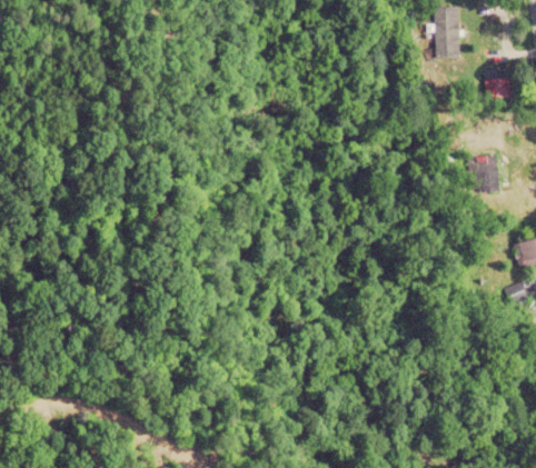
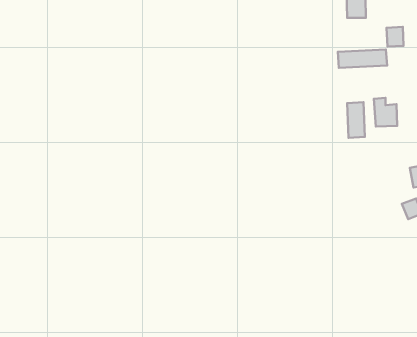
building: none -> [338,50,387,68]
building: none -> [347,102,365,138]

